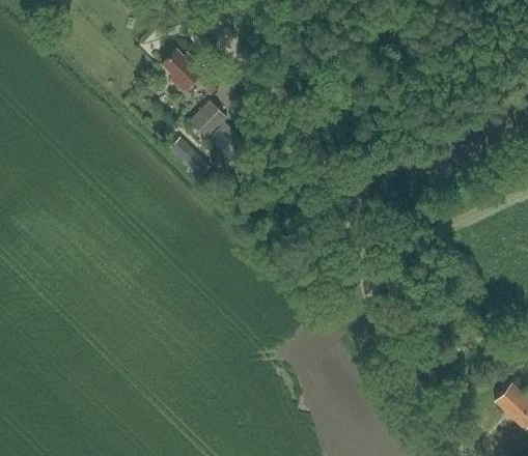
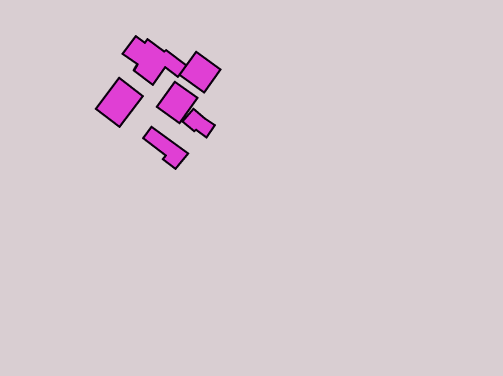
building: none -> [180,52,221,93]
building: none -> [96,78,143,127]

